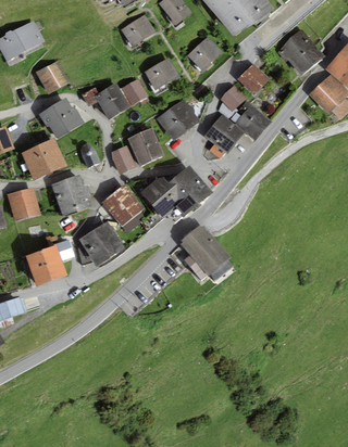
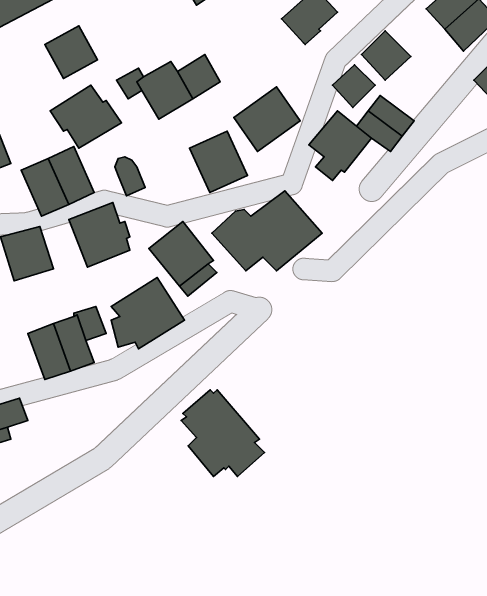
building: [144,58,178,90] -> none
building: [109,144,135,174] -> none
building: [179,225,233,280] -> [181,390,265,476]

